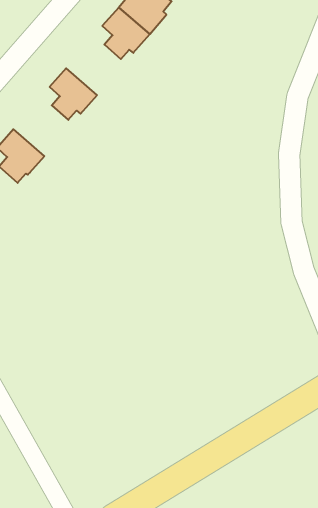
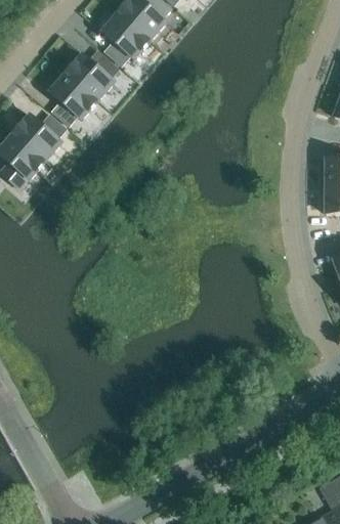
building: none -> [67,52,114,99]
building: none -> [14,113,66,160]

